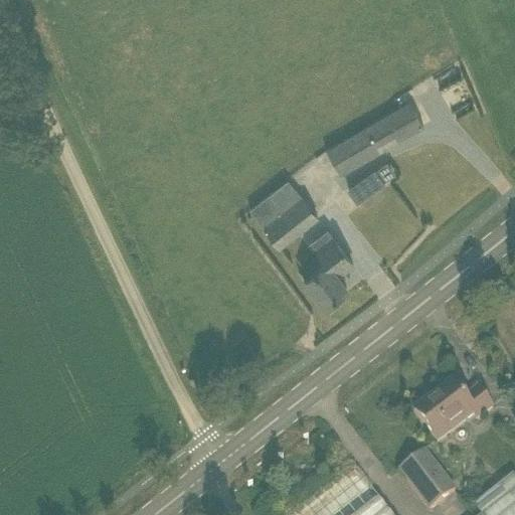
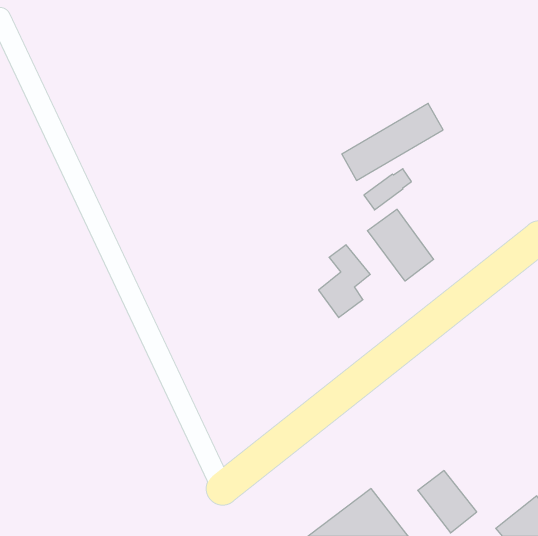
building: [252,189,319,245] -> none
building: none -> [367,209,434,281]
building: [414,380,493,440] -> none

